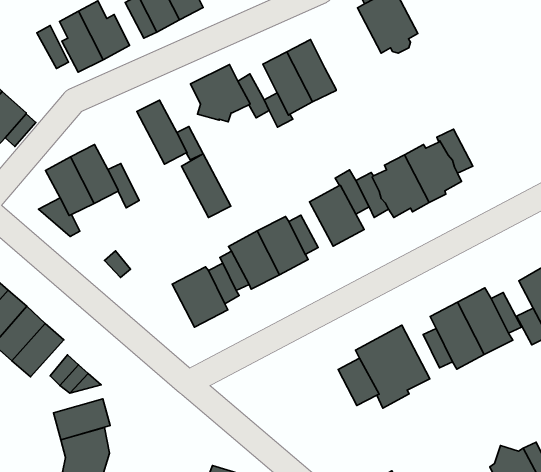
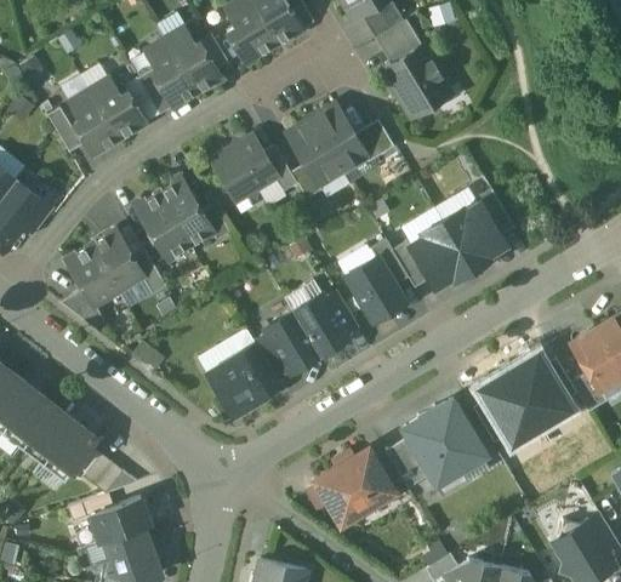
building: none -> [353,119,394,161]
building: [182,154,231,217] -> [136,192,190,258]
building: none -> [317,449,393,521]

